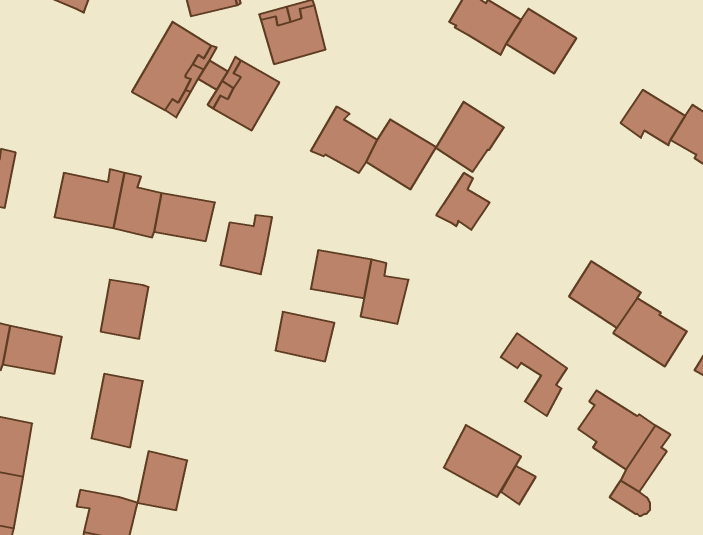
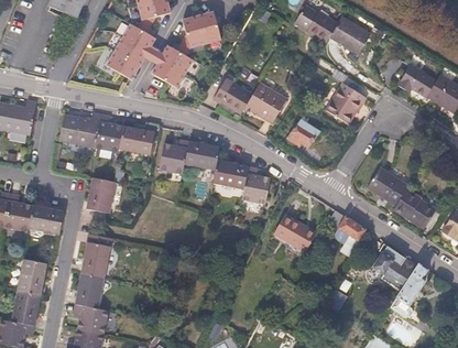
building: [436,102,504,172] -> [326,81,367,123]
building: [275,312,334,361] -> [185,140,220,170]
building: [444,425,521,497] -> [271,214,317,257]
building: [137,451,187,510] -> [75,272,105,307]

